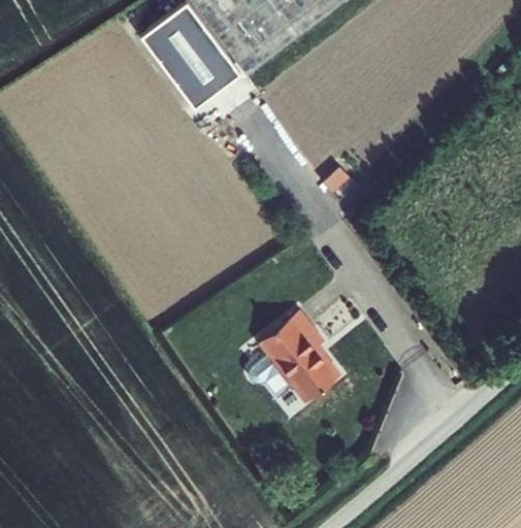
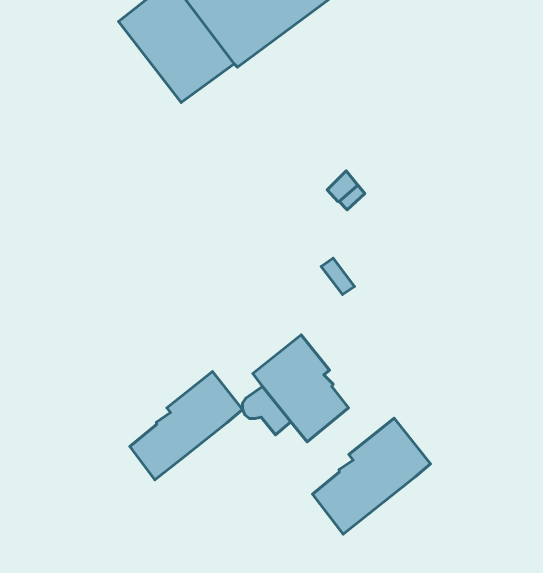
building: none -> [130,371,243,480]
building: none -> [313,418,430,534]

